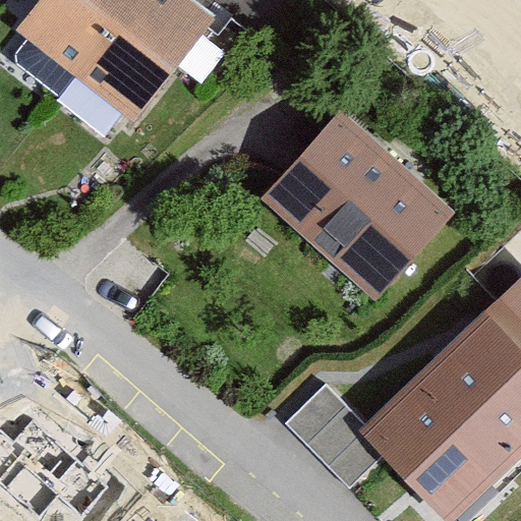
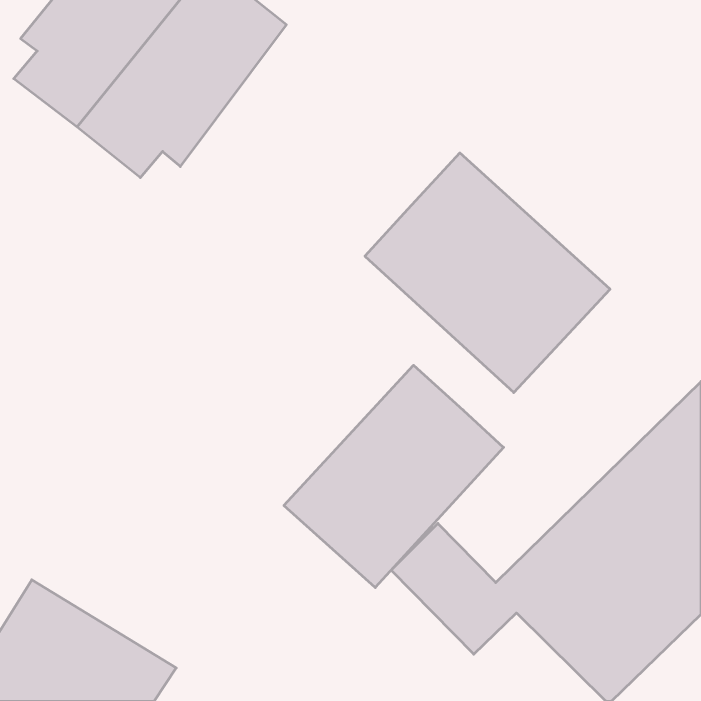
building: none -> [284,365,504,588]

